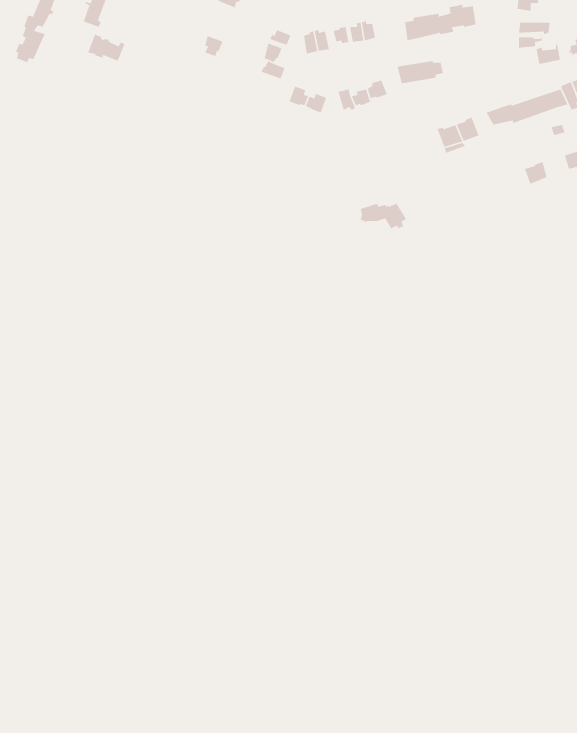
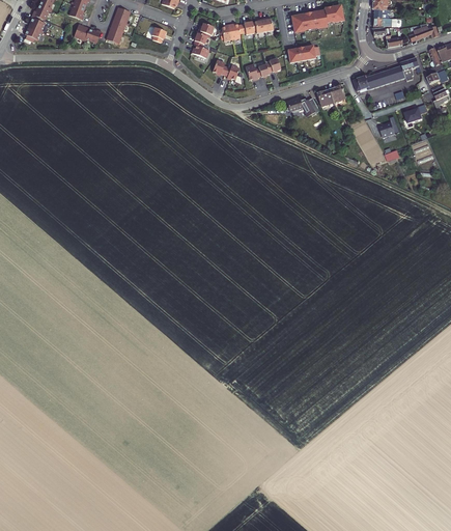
building: none -> [104,8,131,46]
building: [360,203,407,229] -> [287,100,320,118]

